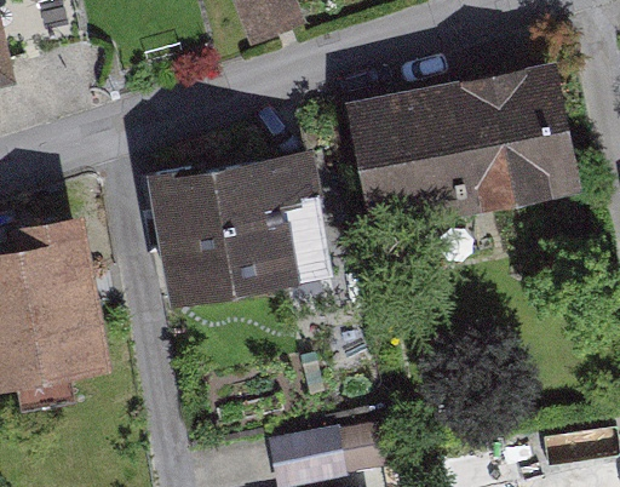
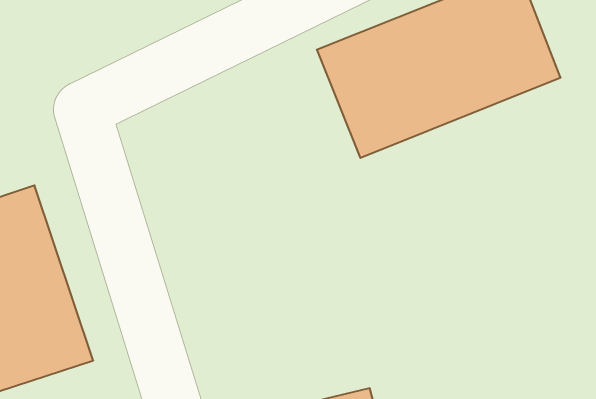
building: [162,147,317,300] -> none

